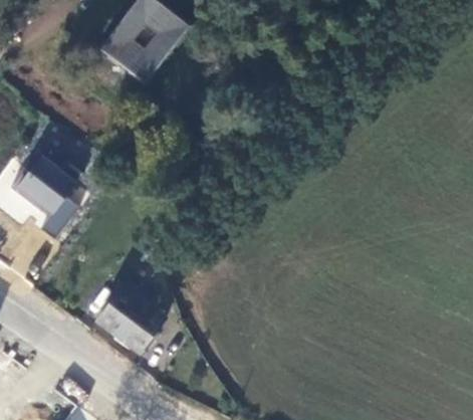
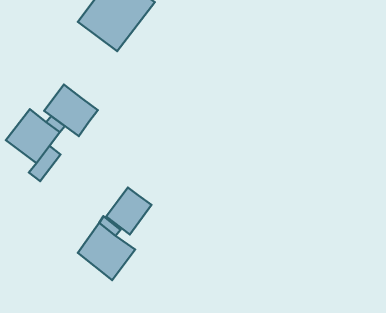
building: none -> [44,85,98,136]
building: none -> [106,188,152,234]

